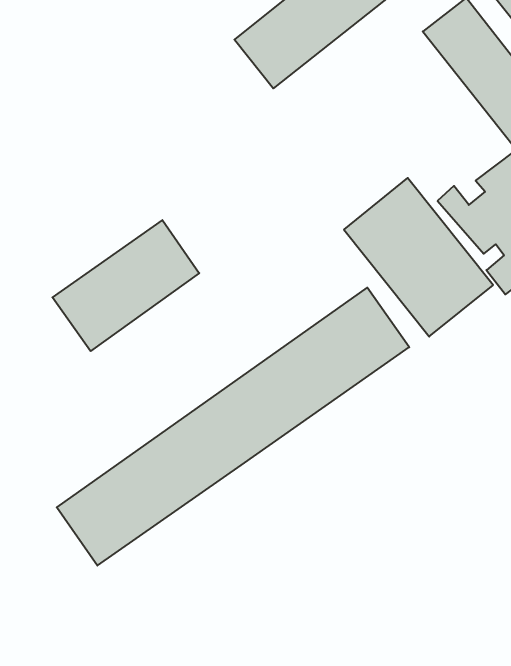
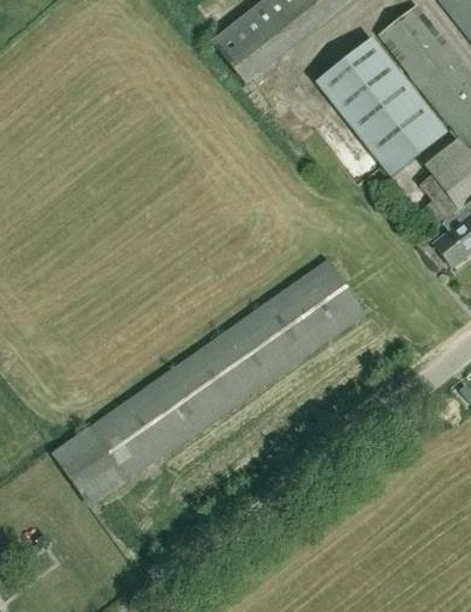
building: [344,178,493,337] -> [318,35,449,175]
building: [52,220,199,351] -> none

